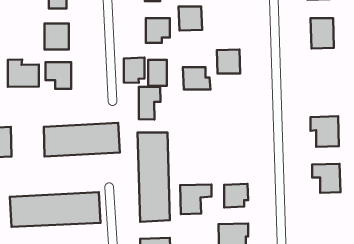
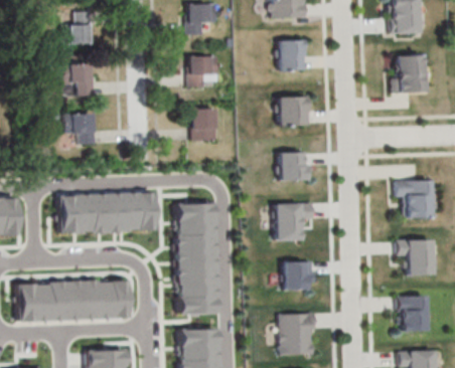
building: [179,6,202,31] -> [277,41,306,71]
building: [124,58,145,83] -> none
building: [8,59,39,87] -> none
building: [183,67,210,90] -> [278,153,312,181]
building: [139,87,161,119] -> none
building: [180,184,212,214] -> [276,206,315,243]
building: none -> [397,297,425,332]

